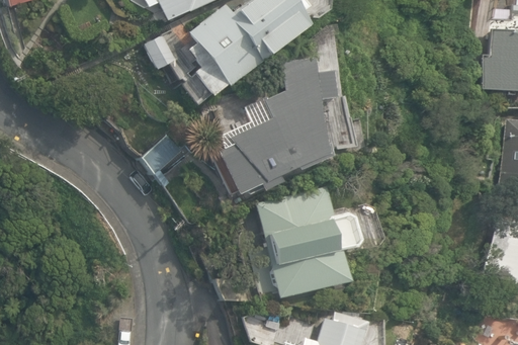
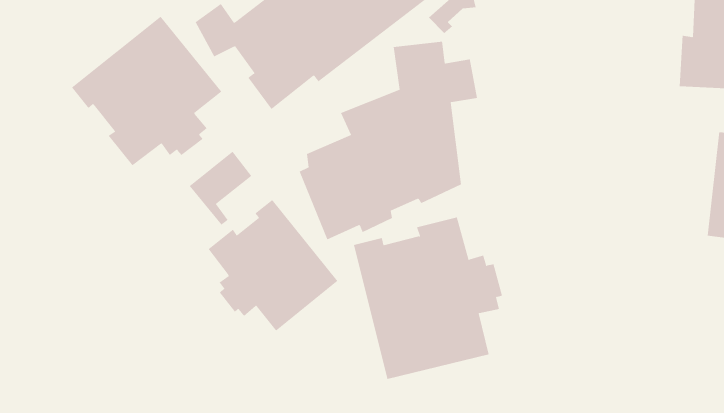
building: none -> [71,16,222,166]
building: none -> [208,199,338,331]

